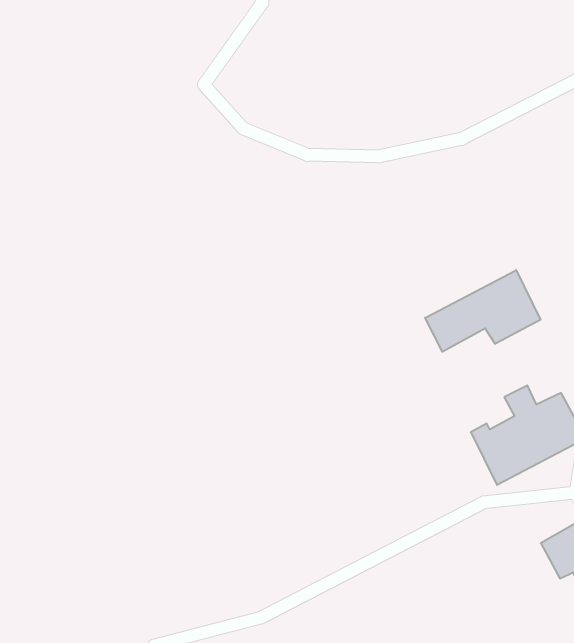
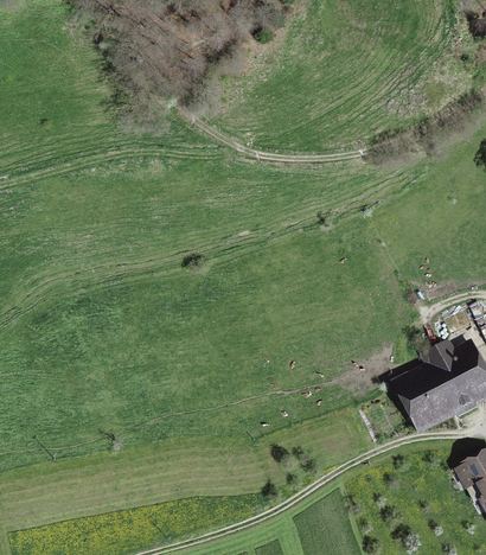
building: [425,270,540,352] -> none

